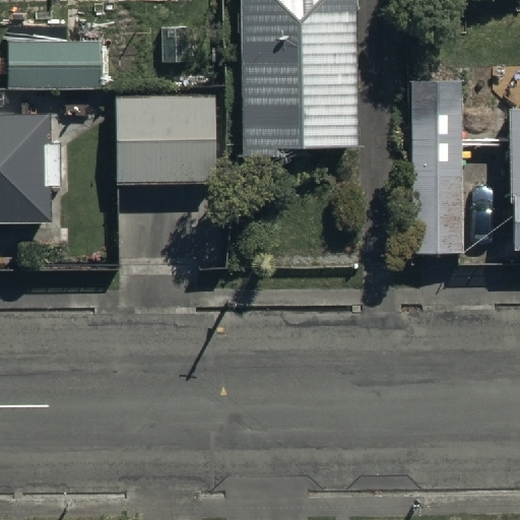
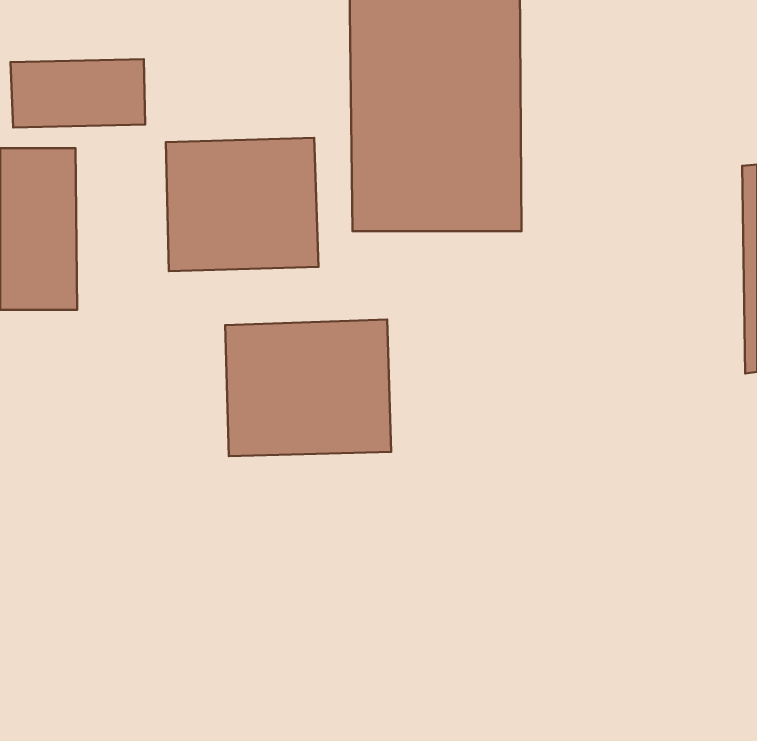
building: [408,74,463,255] -> none
building: none -> [225,320,391,456]

